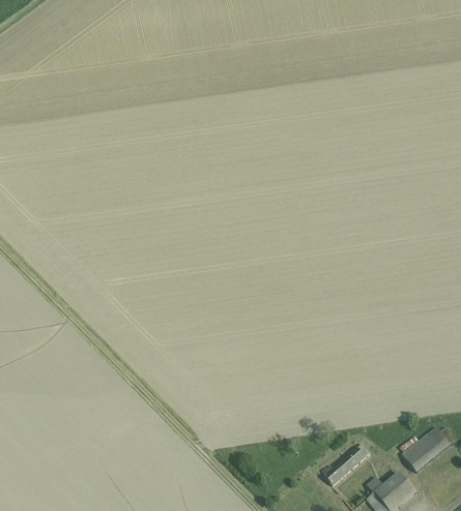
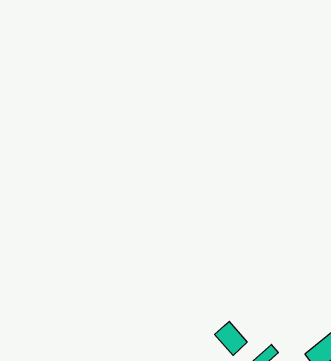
building: none -> [215,321,247,355]

